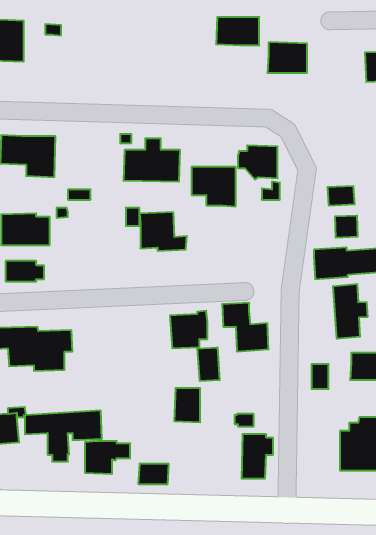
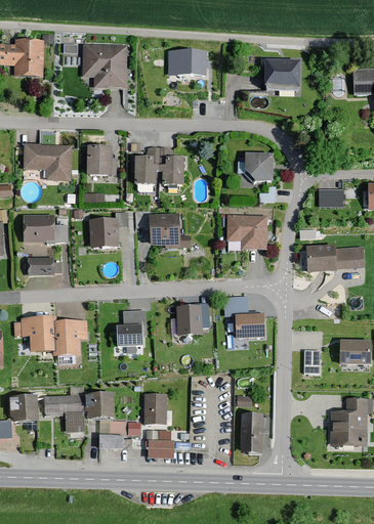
building: [216,17,259,45] -> [168,50,207,76]
building: none -> [82,43,128,88]
building: none -> [87,145,117,175]
building: [192,167,236,206] -> [227,215,267,251]
building: none -> [89,211,129,248]
building: [335,215,358,238] -> none
building: [333,284,367,339] -> none
building: none -> [117,309,148,346]
building: [198,347,220,381] -> none
building: [174,388,200,422] -> [143,394,167,425]

